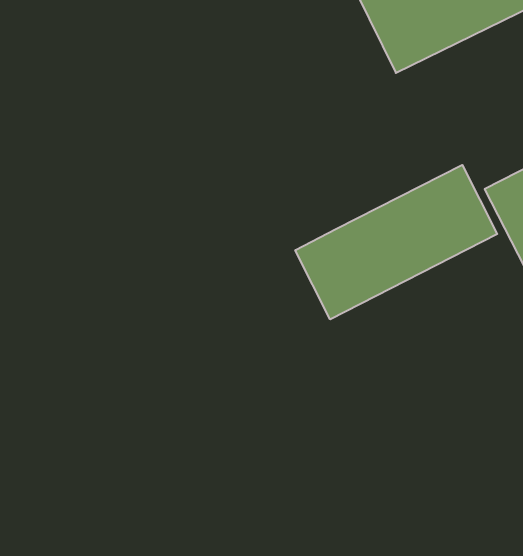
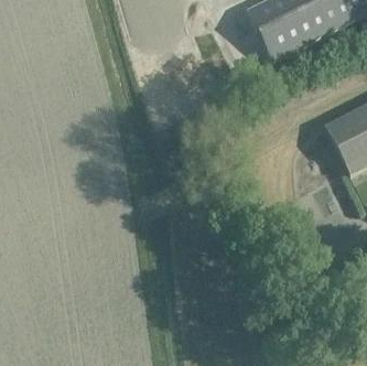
building: [295,165,497,319] -> none

